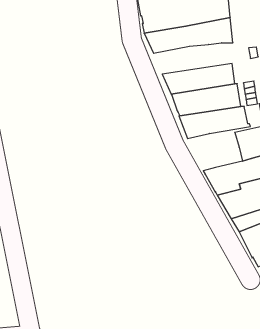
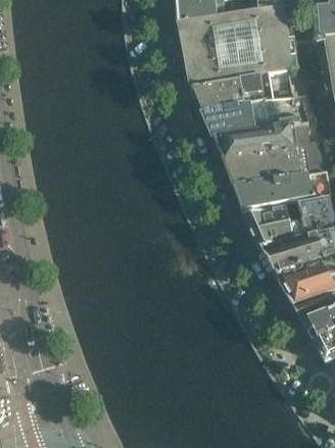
building: none -> [201,98,308,133]
building: none -> [243,203,305,246]

